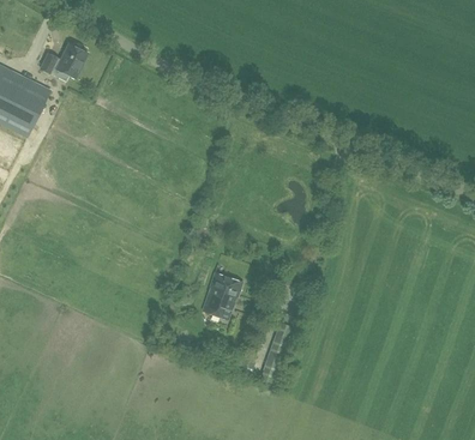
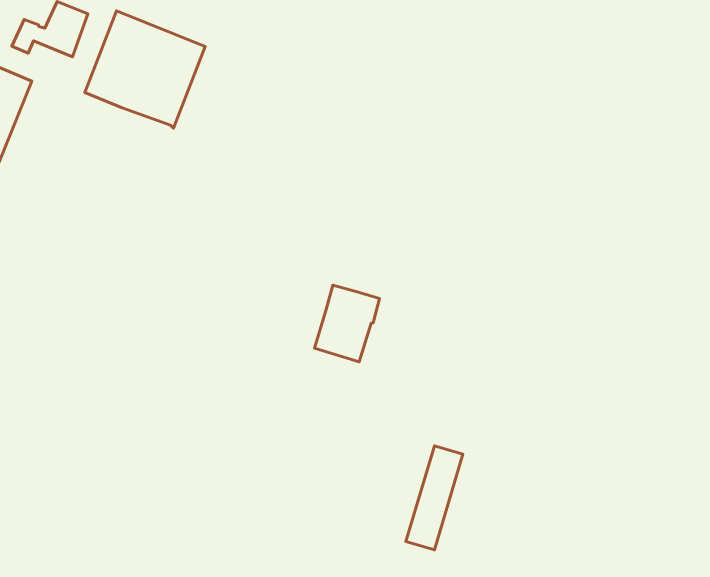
building: none -> [85,11,205,128]
building: [200,272,241,319] -> [315,285,380,362]

